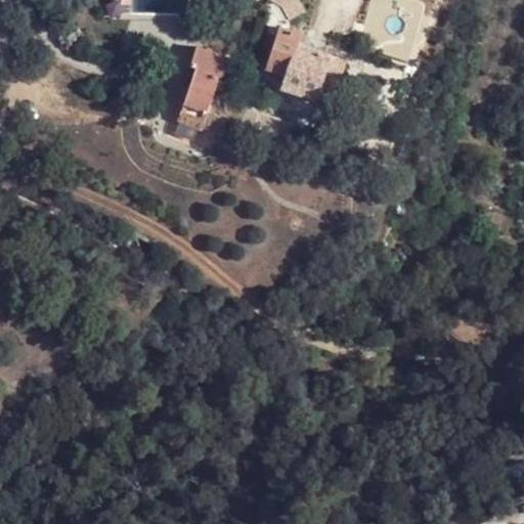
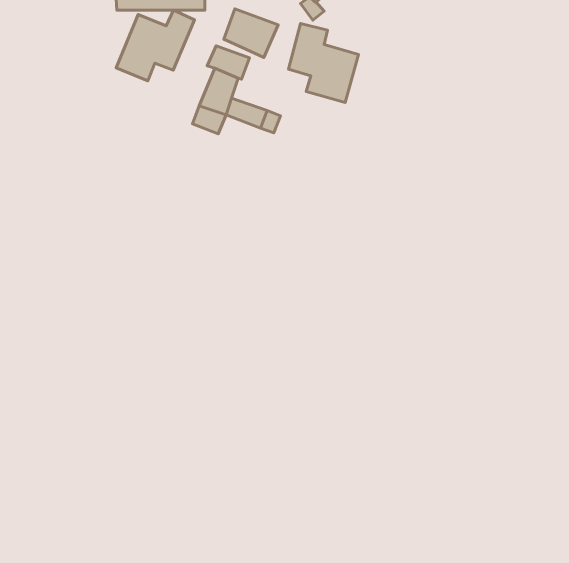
building: none -> [224,9,278,58]
building: none -> [116,10,195,81]

